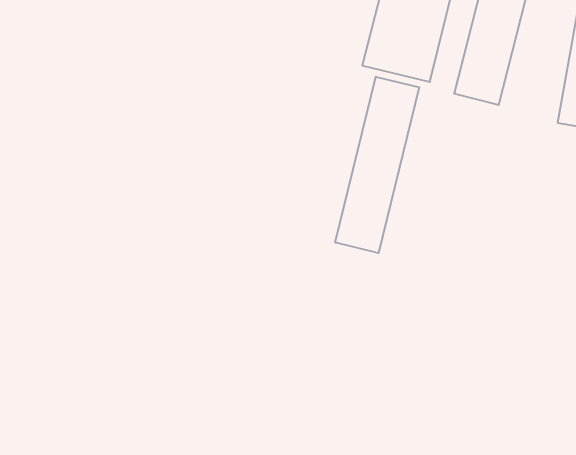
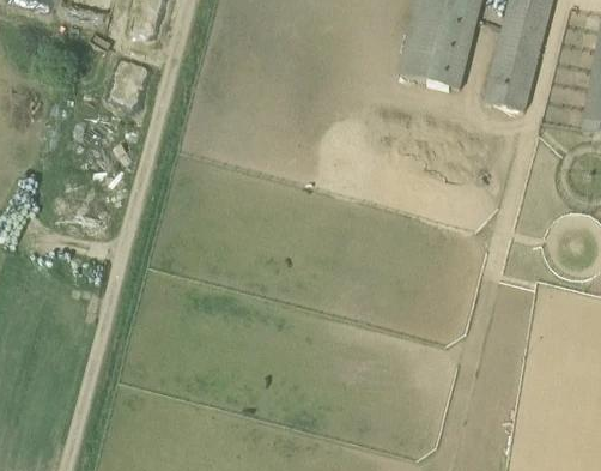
building: [335,77,419,253] -> none

